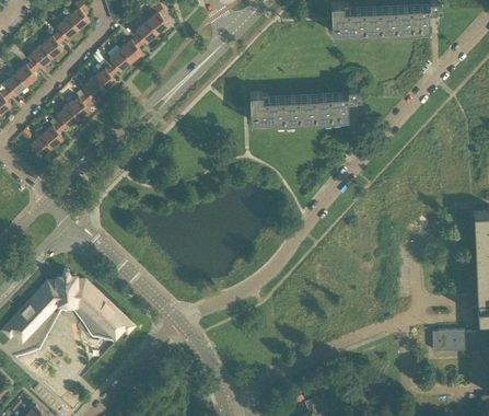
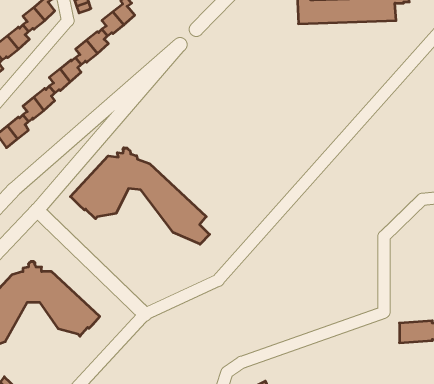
building: [249,88,361,123] -> none
building: none -> [70,148,210,244]

